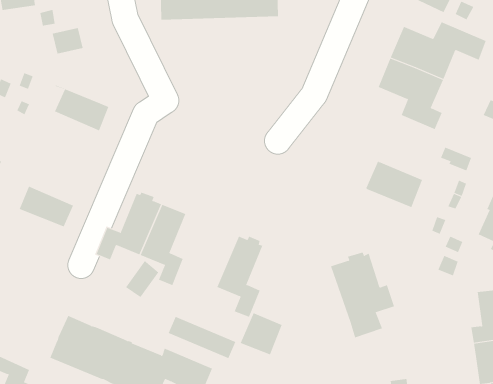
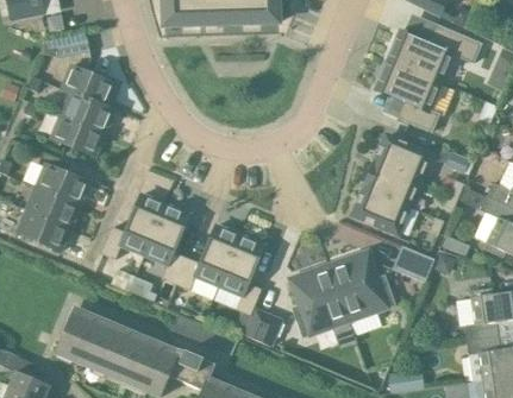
building: none -> [62,63,115,105]
building: none -> [51,113,105,154]
building: none -> [377,135,431,179]
building: none -> [36,163,89,204]
building: none -> [355,189,409,233]
building: none -> [17,208,70,249]
building: none -> [176,223,240,289]
building: none -> [393,245,434,280]
building: none -> [292,264,349,334]

